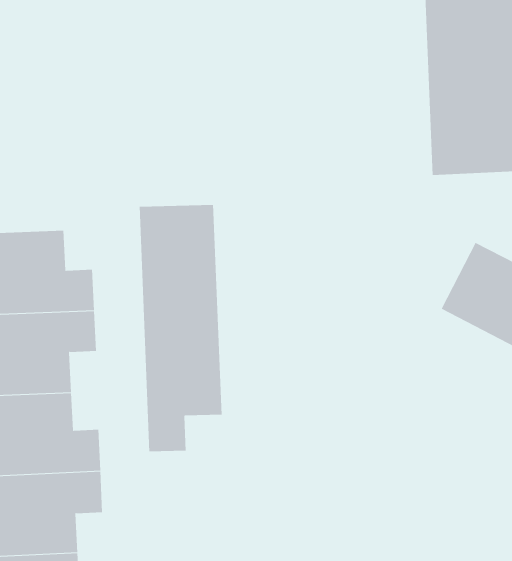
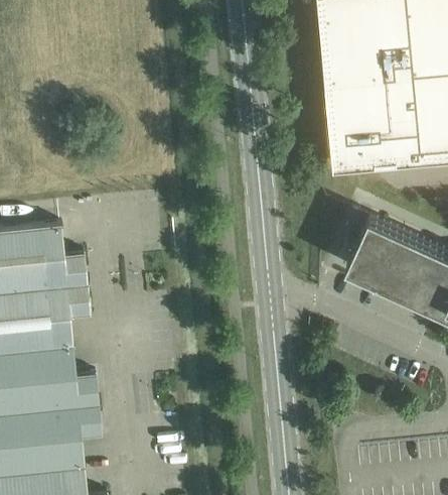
building: [139,204,222,452] -> none

